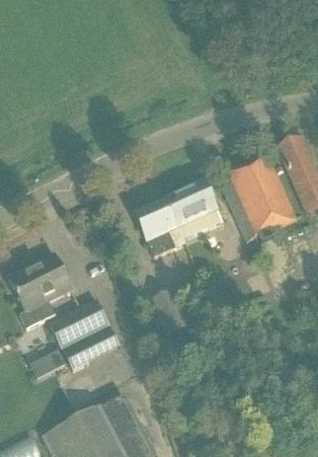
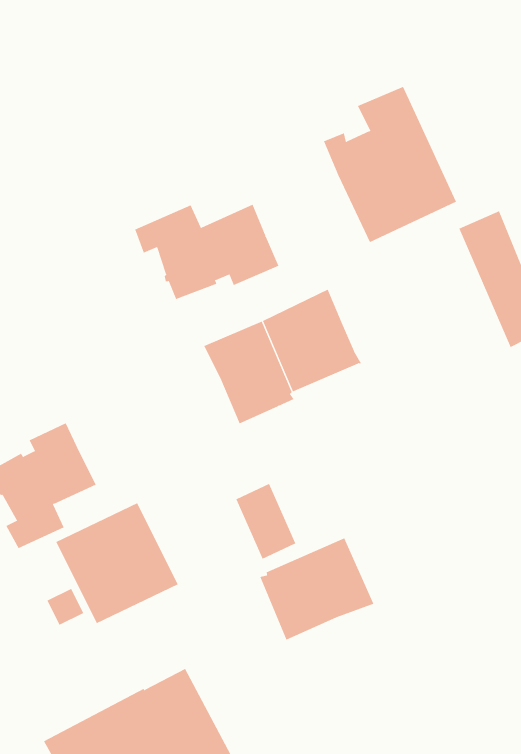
building: none -> [135,204,279,300]
building: [220,152,296,241] -> [323,86,457,243]
building: none -> [259,537,374,640]

